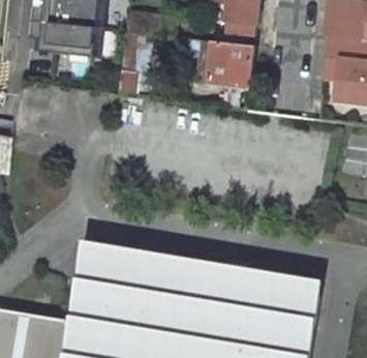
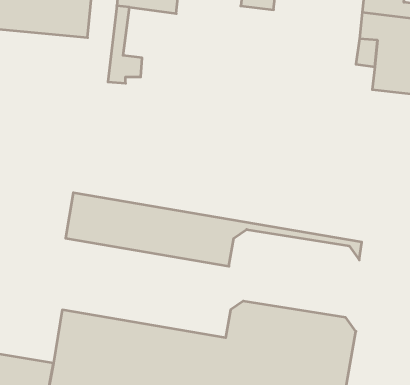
building: [208,42,252,87] -> none
building: [81,243,323,303] -> [66,193,362,266]

